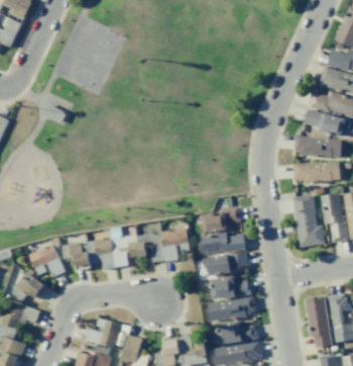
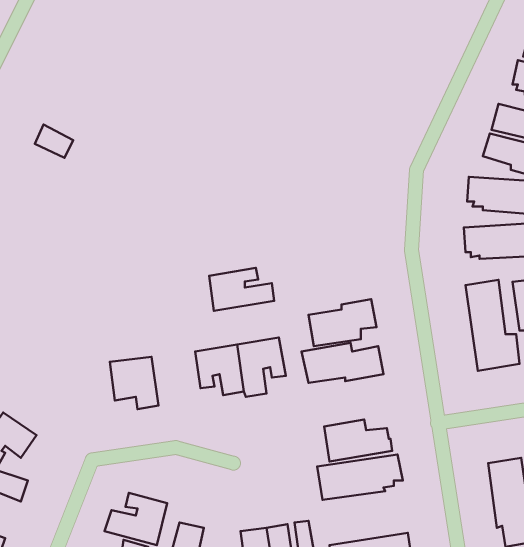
building: none -> [209,268,274,311]
building: [111,236,139,268] -> none
building: [62,243,91,271] -> none
building: [28,244,65,278] -> none
building: [206,252,248,277] -> none
building: [216,321,257,345] -> none

